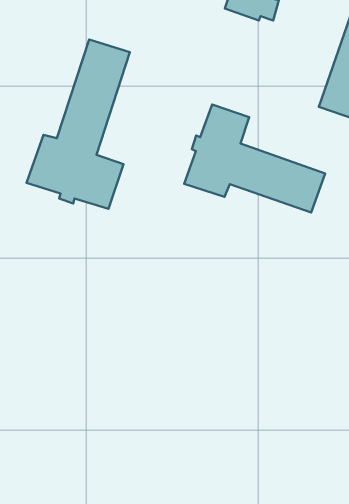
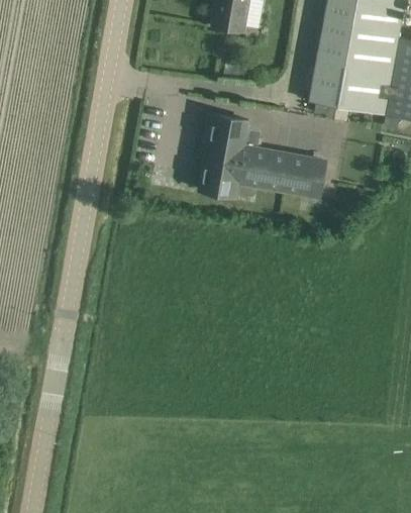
building: [27,40,130,209] -> none

